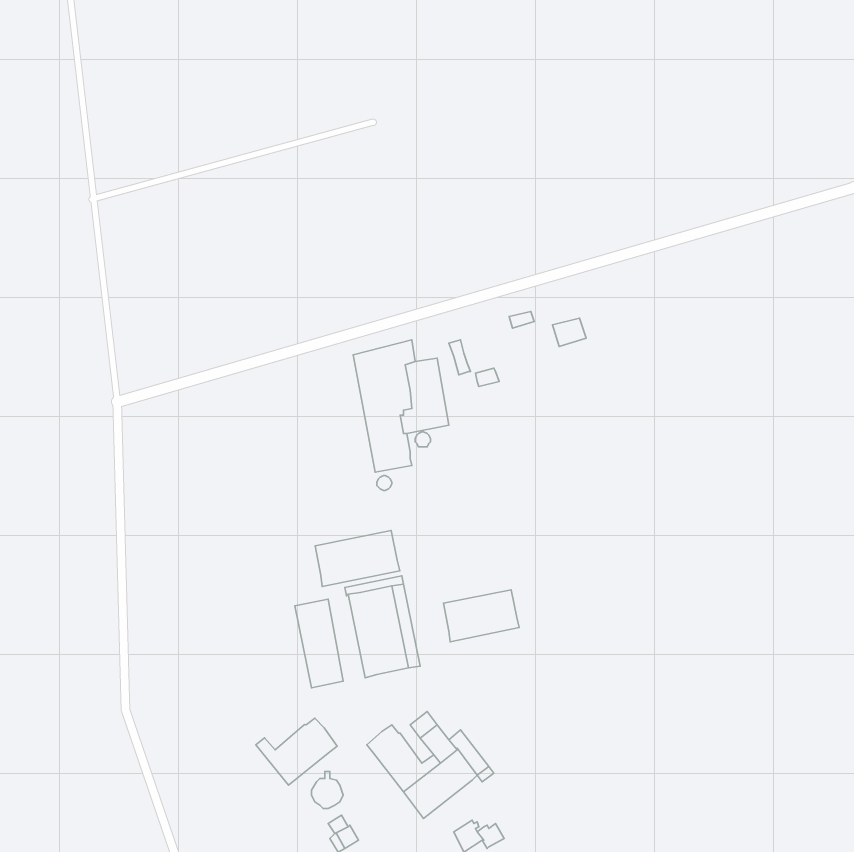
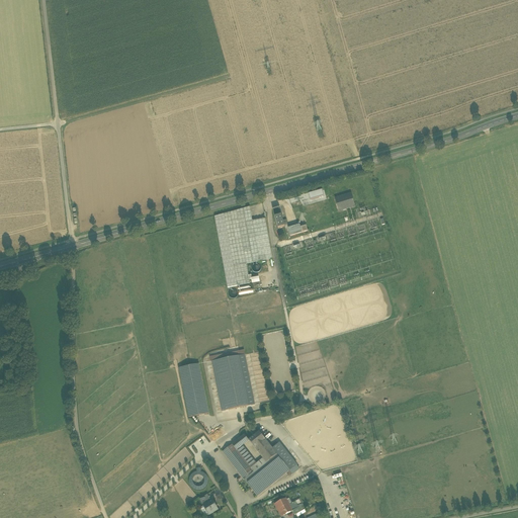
building: [315,531,400,587] -> none
building: [443,590,519,642] -> none
building: [256,718,337,785] -> none

